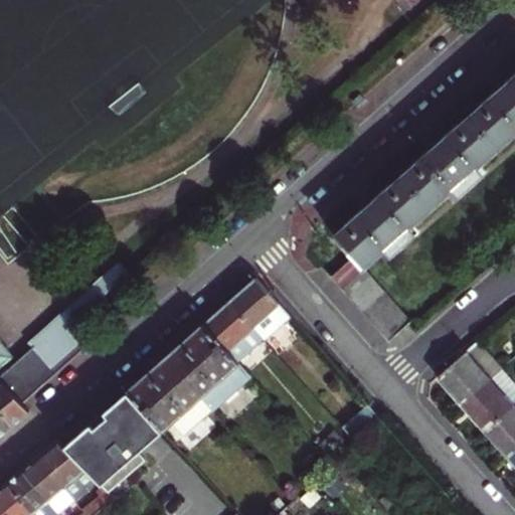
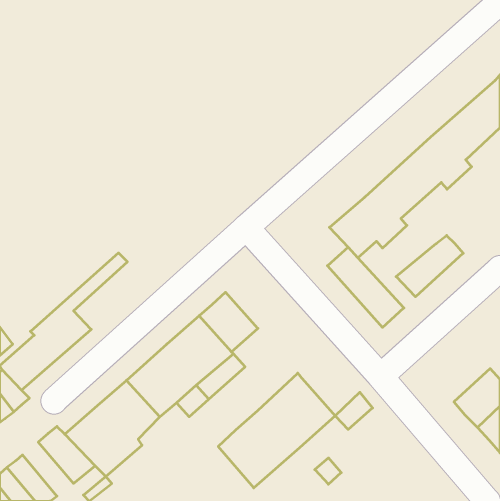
building: none -> [396,235,463,297]
building: [231,277,296,342] -> none
building: [444,355,503,412] -> none
building: none -> [218,373,335,488]
building: [23,454,75,509] -> none

